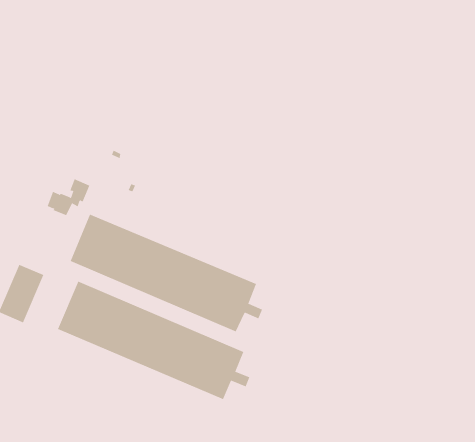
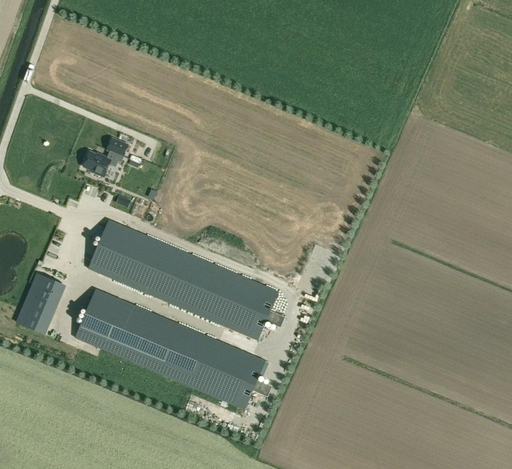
building: [47,179,90,216] -> [83,139,127,177]

